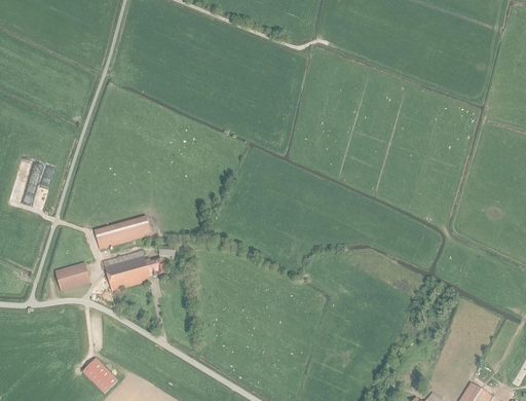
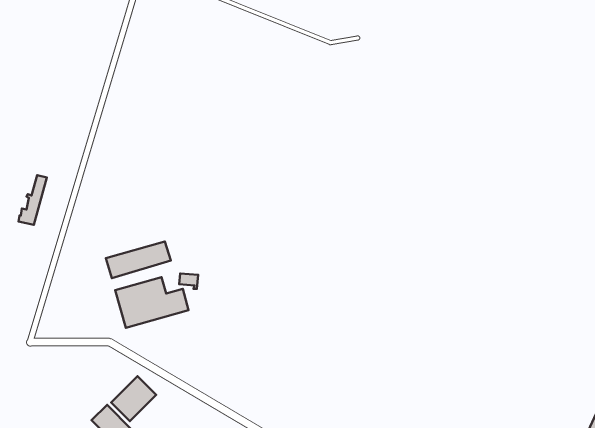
building: [57,262,91,290] -> none
building: none -> [111,376,156,421]

